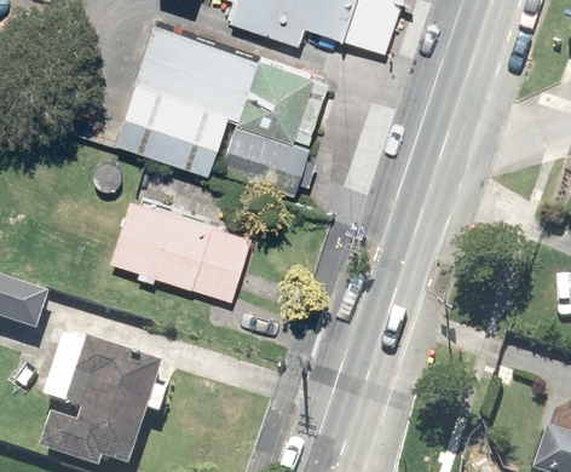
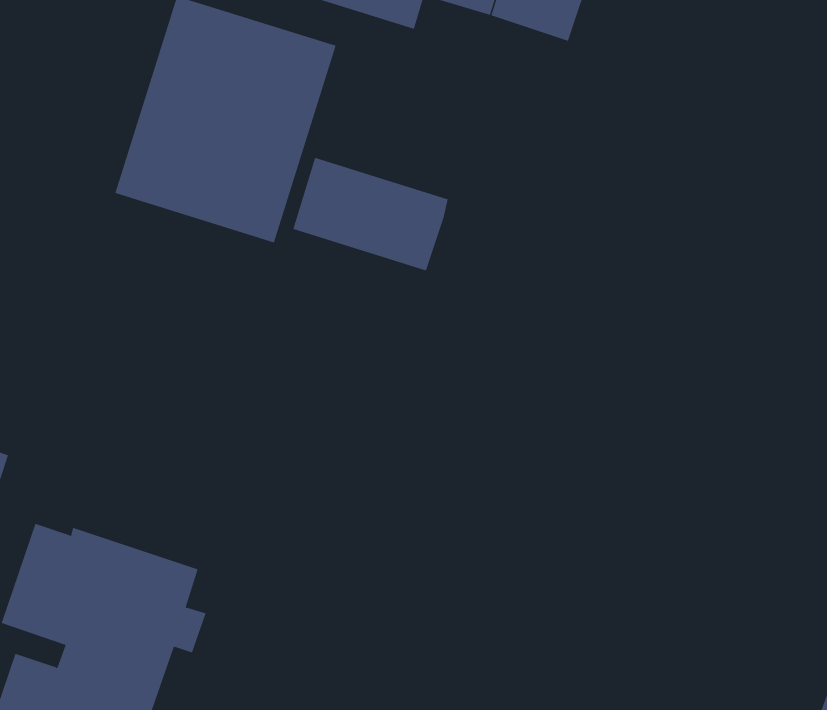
building: [241,54,330,144] -> none
building: [110,201,253,303] -> none

